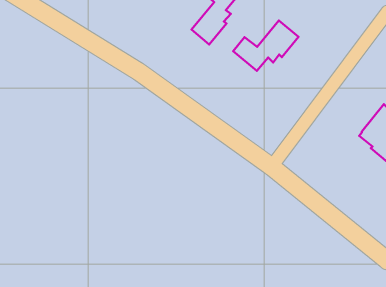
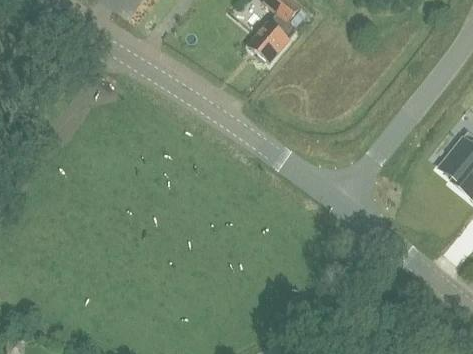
building: [233,20,299,71] -> none

